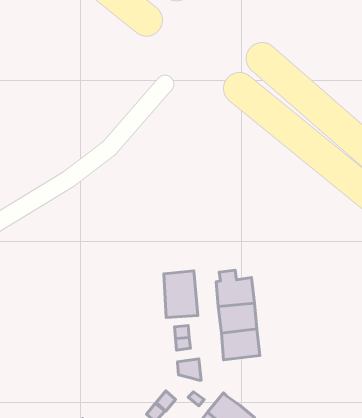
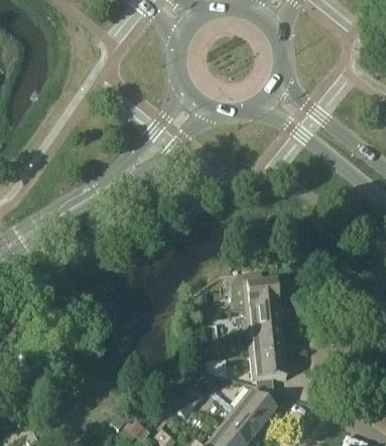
building: [164,271,198,317] -> none
building: none -> [249,354,285,402]

